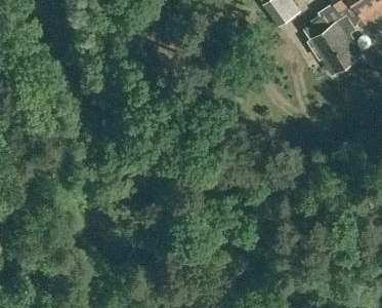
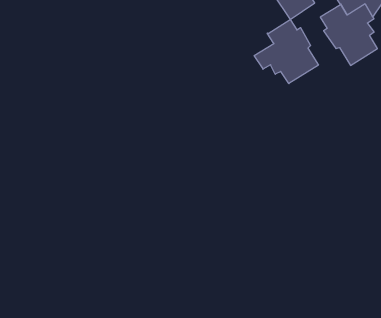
building: none -> [254,20,318,84]

